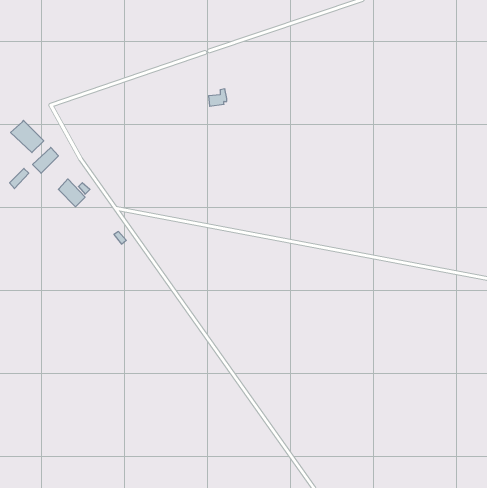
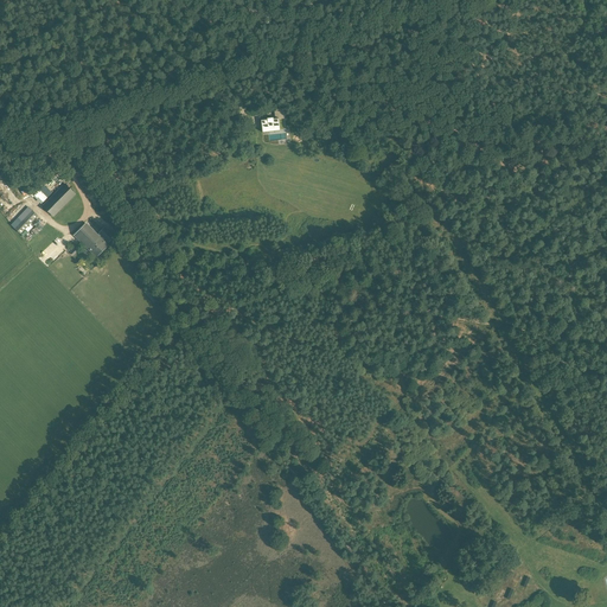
building: [11,120,44,153] -> none

